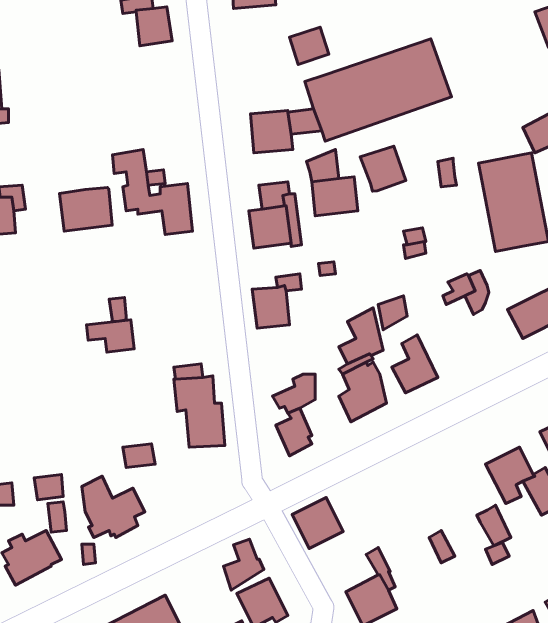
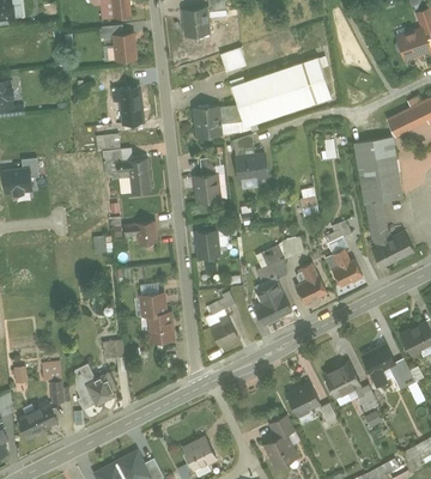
building: none -> [113,86,142,125]
building: [360,146,406,191] -> none
building: [59,188,112,231] -> none
building: none -> [365,201,393,244]
building: none -> [323,248,363,286]
building: [86,320,134,352] -> [125,222,158,244]
building: none -> [320,360,359,398]
building: [292,498,343,549] -> [283,380,318,416]
building: [223,539,264,590] -> none

